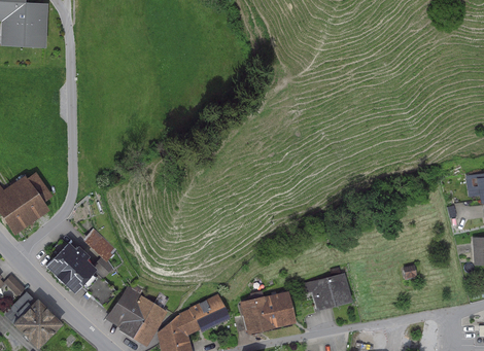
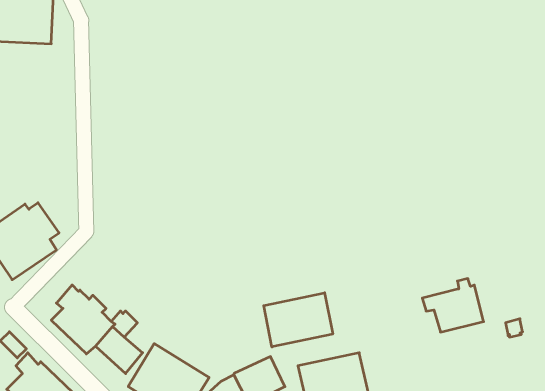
building: [82,229,117,261] -> none
building: none -> [264,293,333,347]
building: [303,268,351,310] -> [422,279,484,332]

